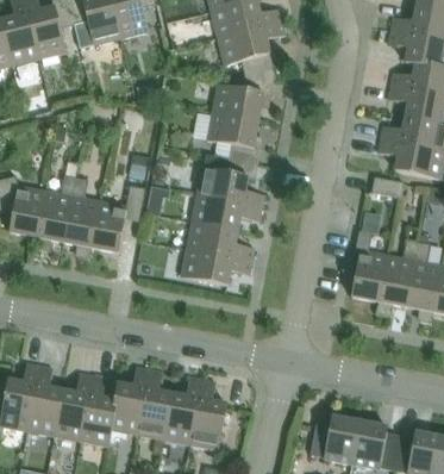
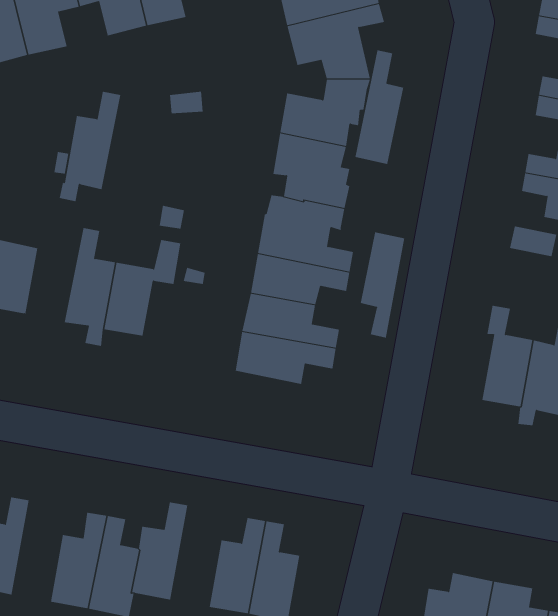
building: none -> [355,50,404,165]
building: [33,175,76,251] -> [59,91,121,202]
building: none -> [360,231,405,338]
building: [27,366,62,436] -> none
building: [137,369,171,439] -> none

